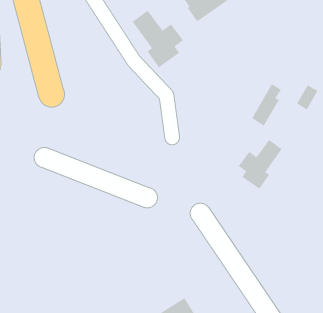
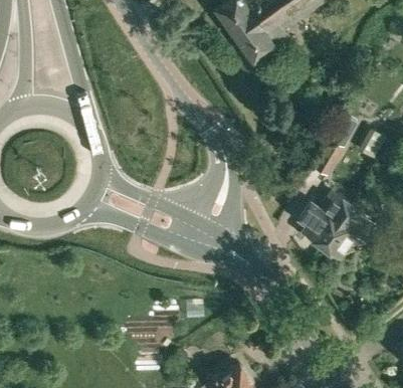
building: [132,10,184,68] -> none
building: none -> [322,202,377,259]

